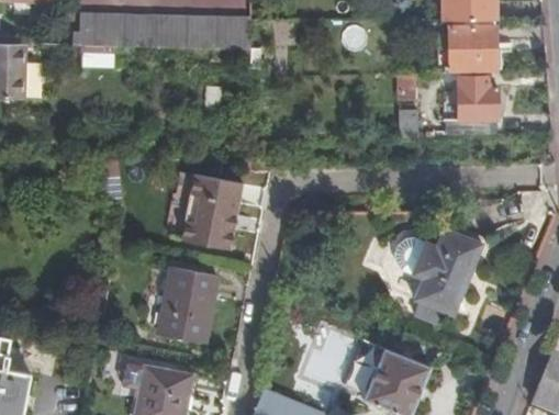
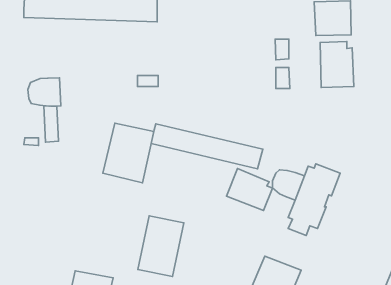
building: none -> [28,78,61,106]
building: none -> [151,124,263,169]
building: none -> [227,169,273,211]
building: [158,270,216,347] -> [138,216,184,277]

